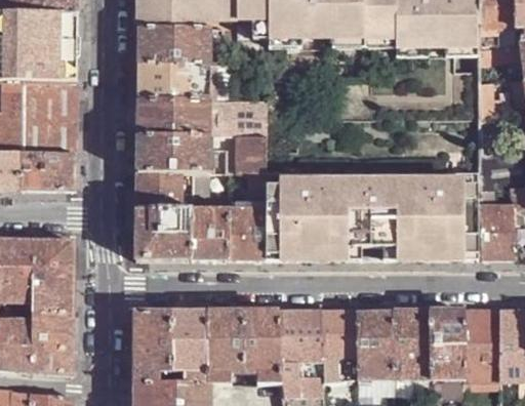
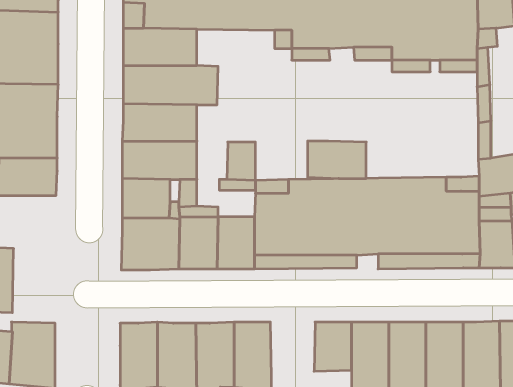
building: [207,102,264,137] -> [308,141,366,178]
building: [30,240,72,312] -> none
building: [278,311,321,363] -> none

